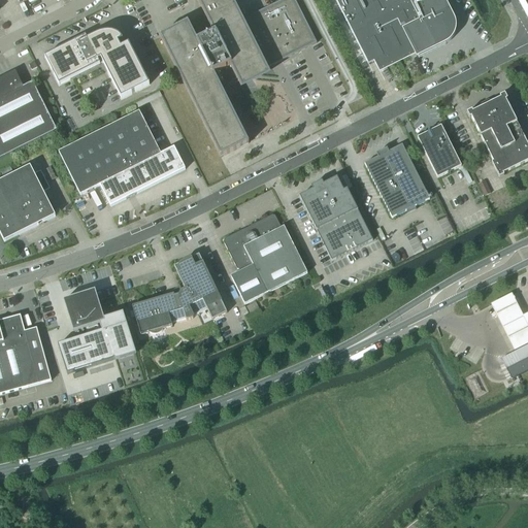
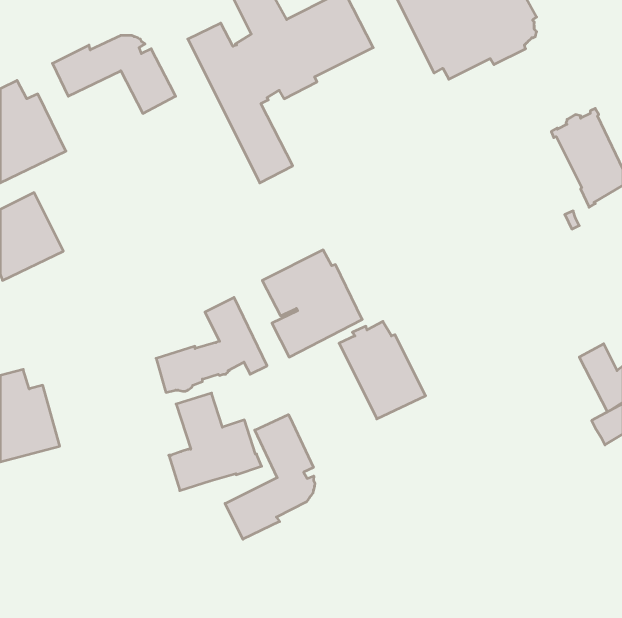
building: [58,108,184,203] -> none
building: [418,124,461,175] -> none
building: [365,142,429,216] -> none
building: [300,175,373,258] -> [339,321,426,419]
building: [59,289,137,371] -> [169,393,262,491]
building: none -> [225,415,315,539]

